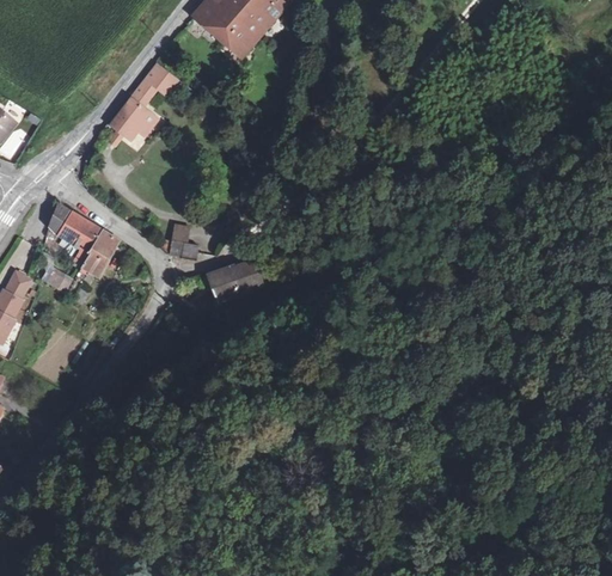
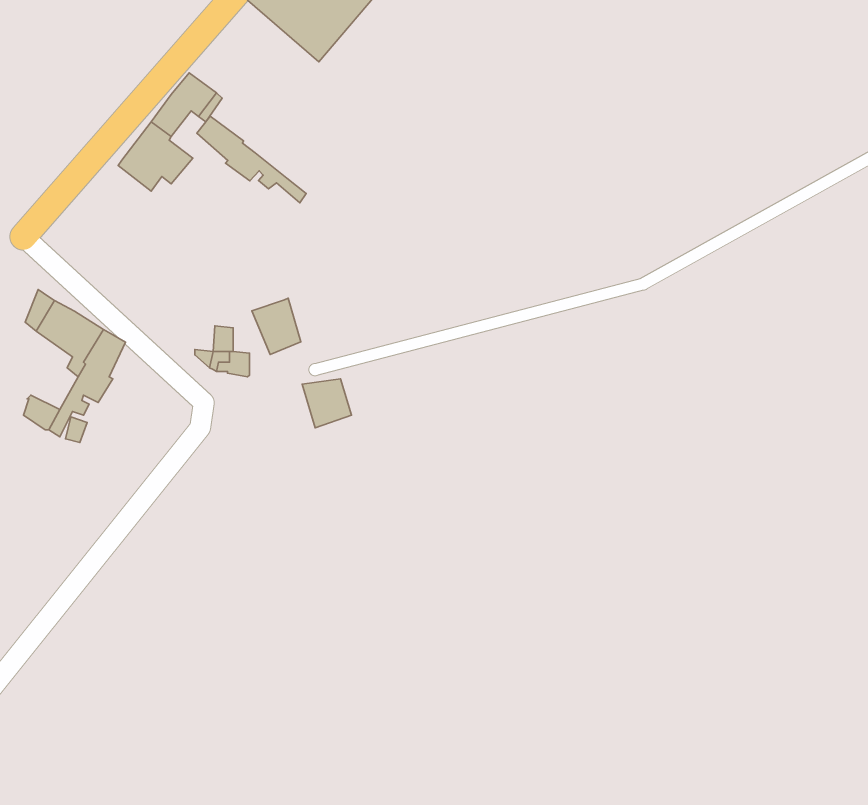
building: none -> [197,116,306,203]
building: [207,265,239,302] -> [252,298,301,355]

